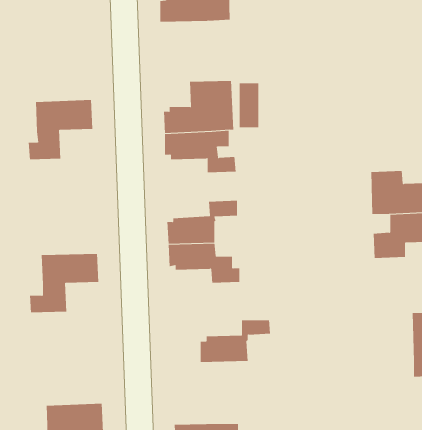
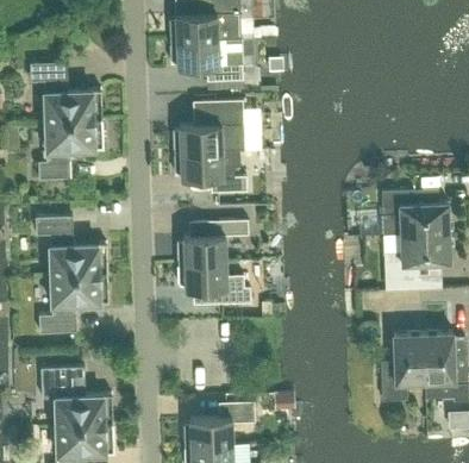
building: none -> [169,39,242,82]
building: none -> [30,63,101,121]
building: none -> [35,217,107,275]
building: none -> [380,333,424,400]
building: [200,320,271,362] -> [183,402,255,445]
building: none -> [40,368,112,426]

